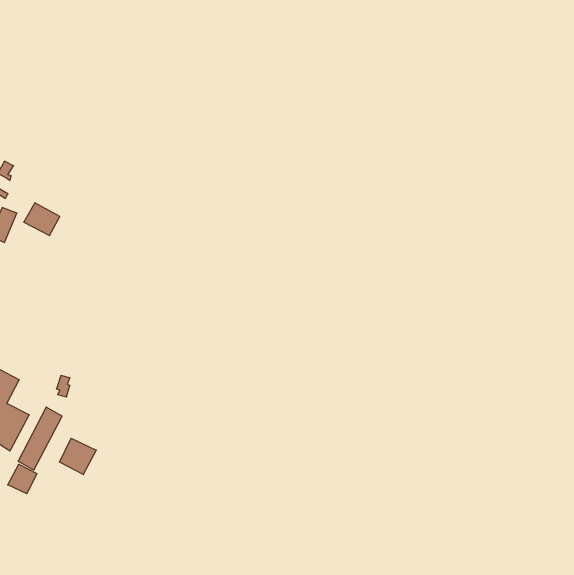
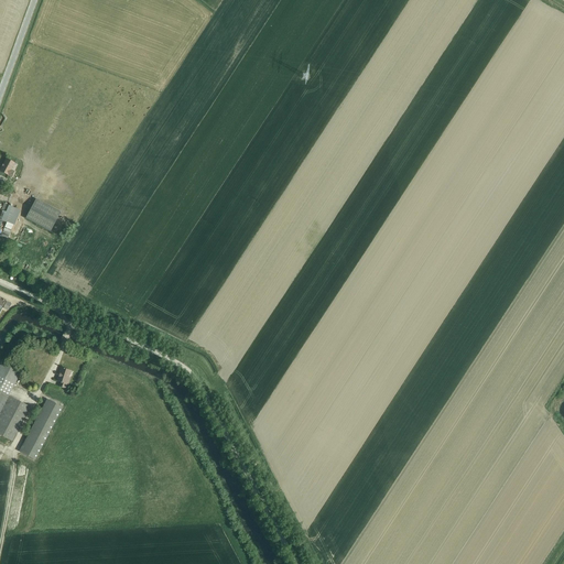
building: [59,438,96,475] -> none
building: [8,464,37,494] -> none

